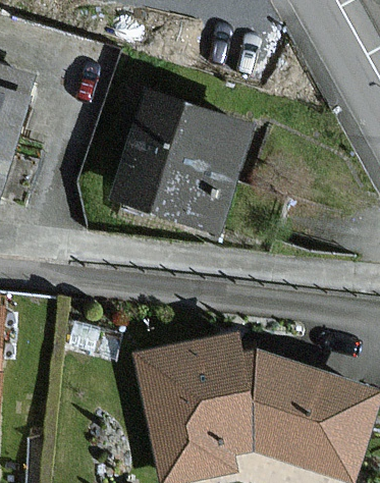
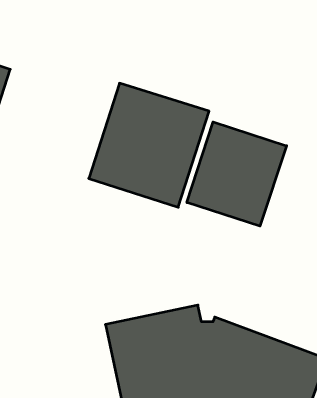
building: none -> [187,122,287,226]

